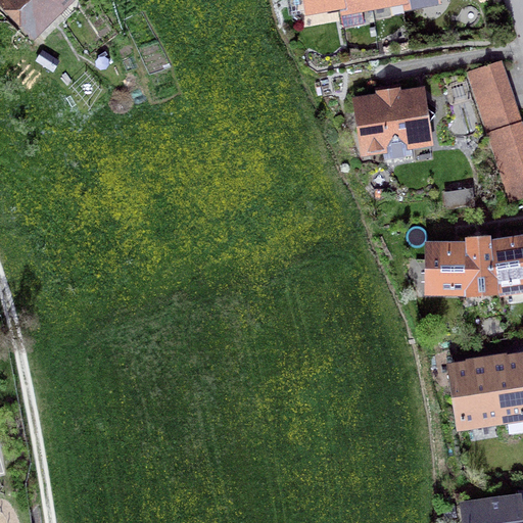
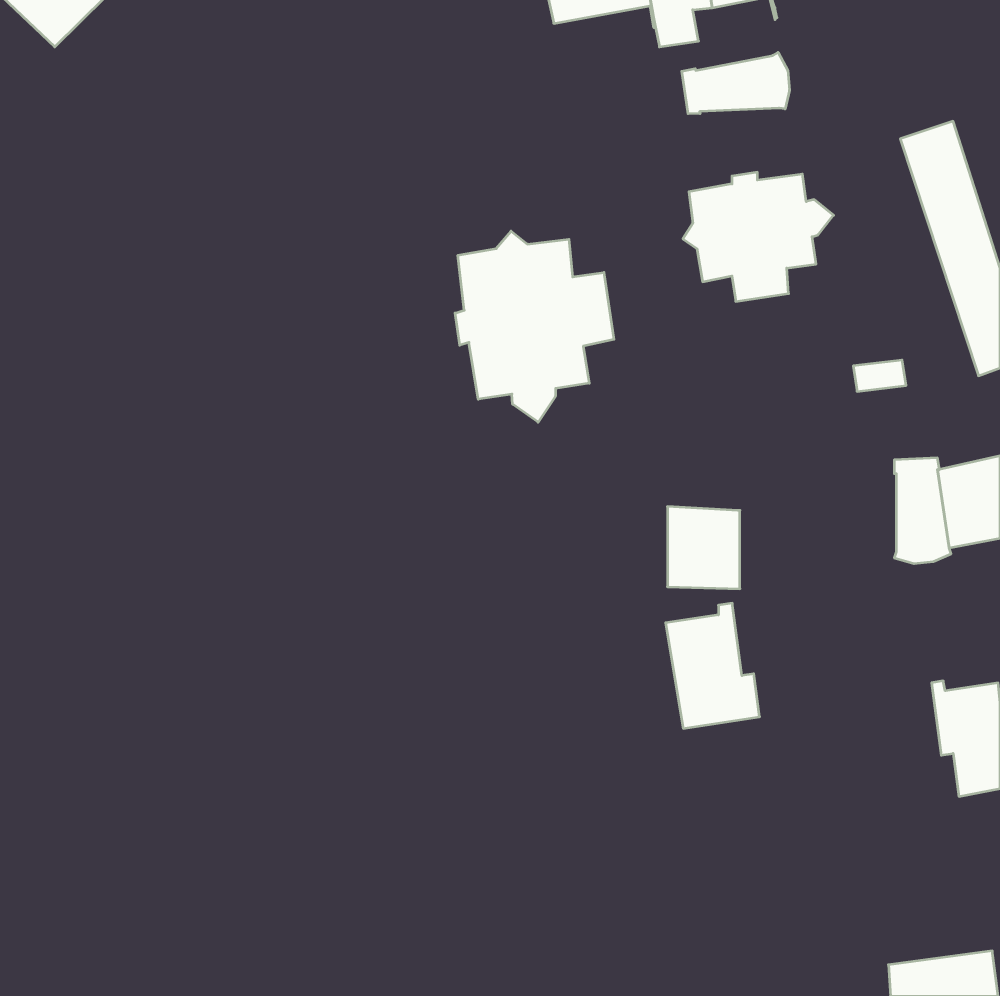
building: none -> [682,52,789,114]
building: none -> [455,231,614,422]
building: [430,245,468,288] -> [667,507,740,589]
building: [451,356,501,422] -> [666,603,760,728]

